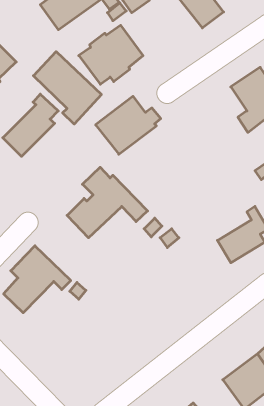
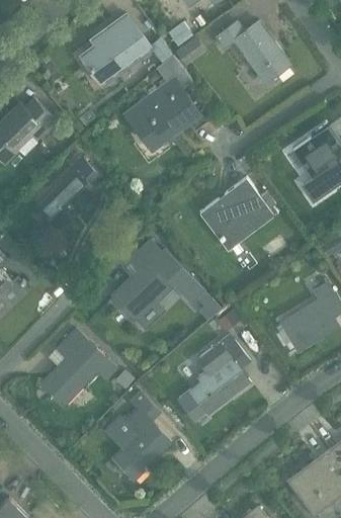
building: [33,52,101,124] -> none
building: [96,96,161,154] -> [202,179,276,245]
building: none -> [178,335,250,422]
building: none -> [105,393,171,481]

